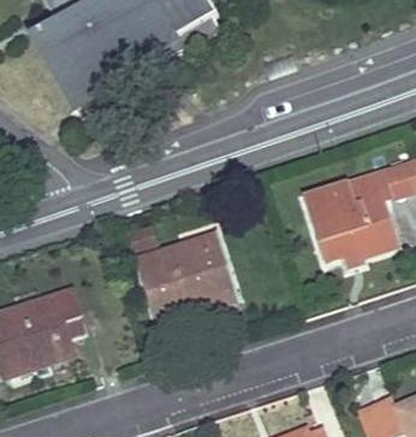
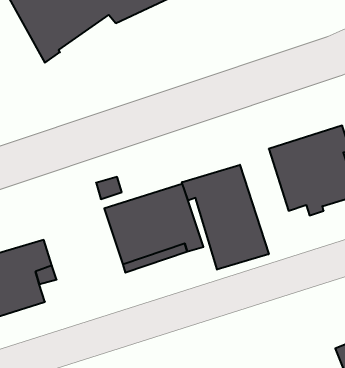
building: none -> [182,165,269,270]

